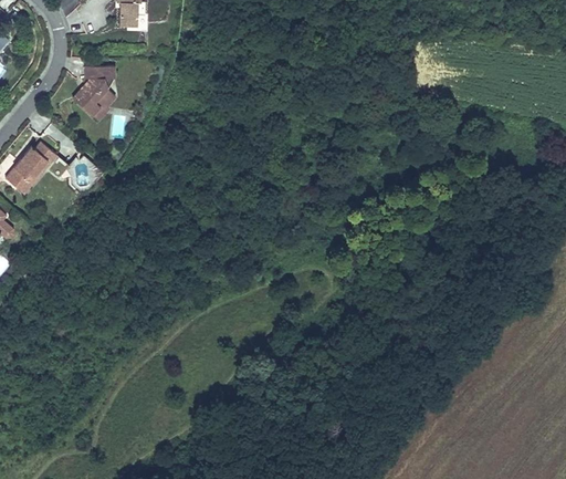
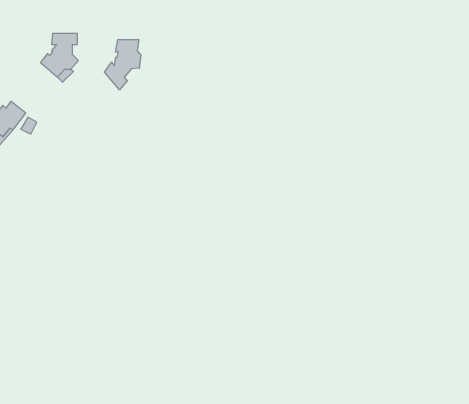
building: none -> [104,39,141,90]

